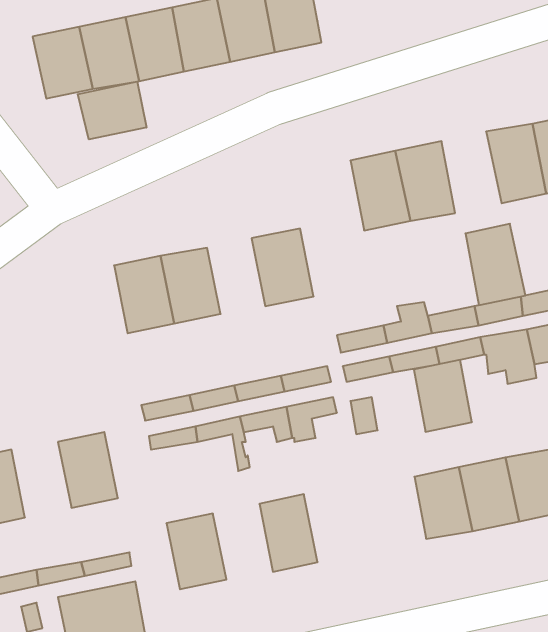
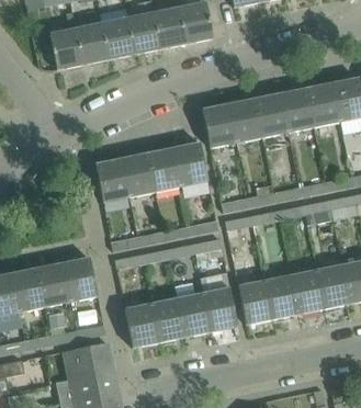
building: [78,82,146,139] -> none
building: none -> [202,104,237,149]
building: [465,224,525,305] -> [281,88,315,134]
building: none -> [148,148,181,191]
building: [414,360,472,432] -> [239,283,272,324]
building: none -> [37,263,71,306]
building: none -> [203,287,237,331]
building: none -> [151,298,185,341]

